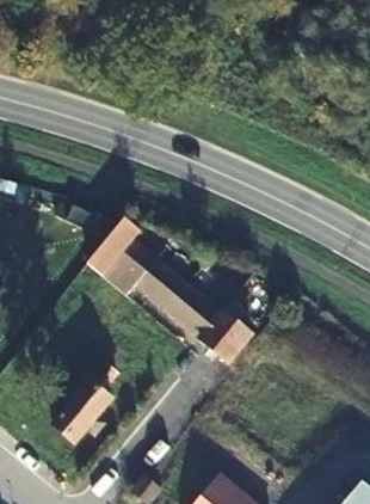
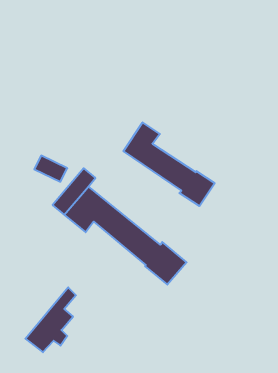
building: none -> [123,122,215,206]

